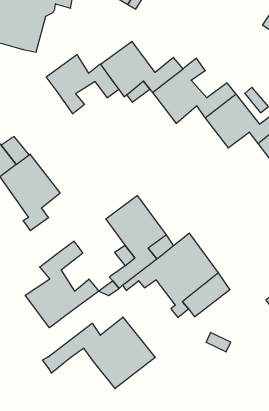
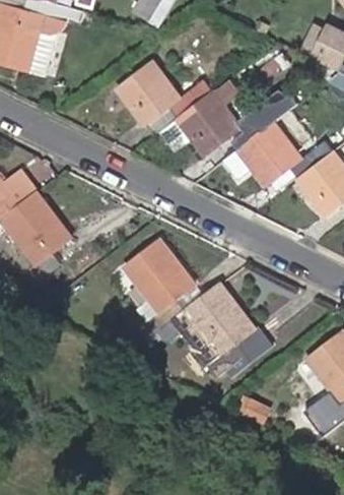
building: [46,55,119,114] -> none
building: [25,241,99,328] -> none
building: [43,317,155,389] -> none

